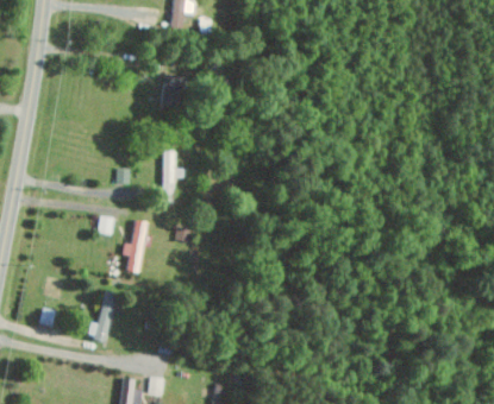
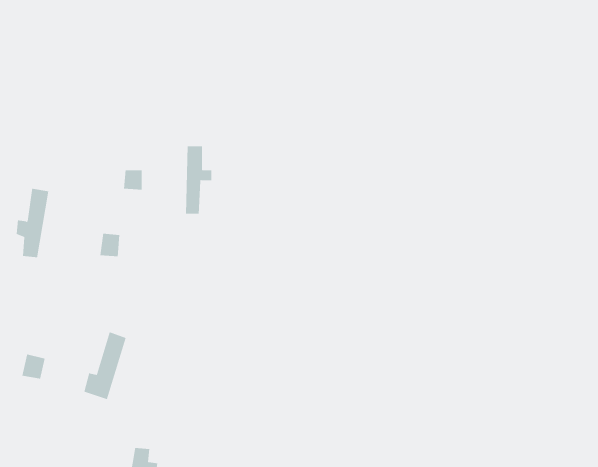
building: [123,220,148,272] -> [16,188,49,258]

